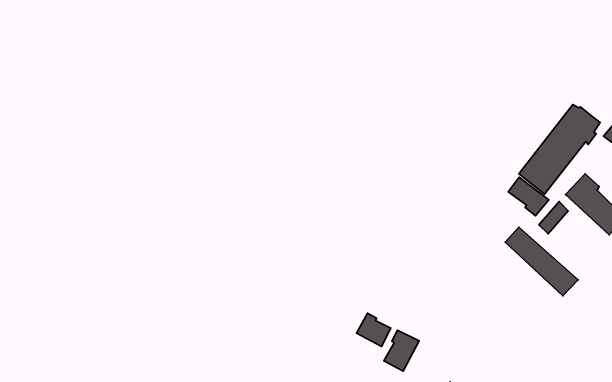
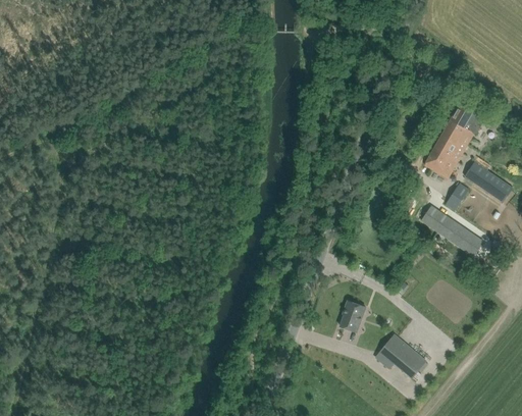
building: [508,177,549,216] -> none
building: [356,313,391,346] -> none

